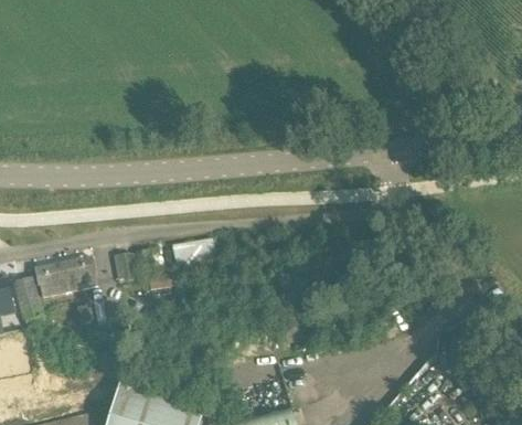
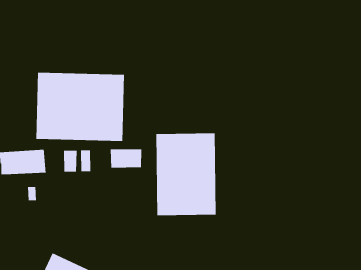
building: none -> [36,72,125,142]
building: none -> [156,133,216,216]

